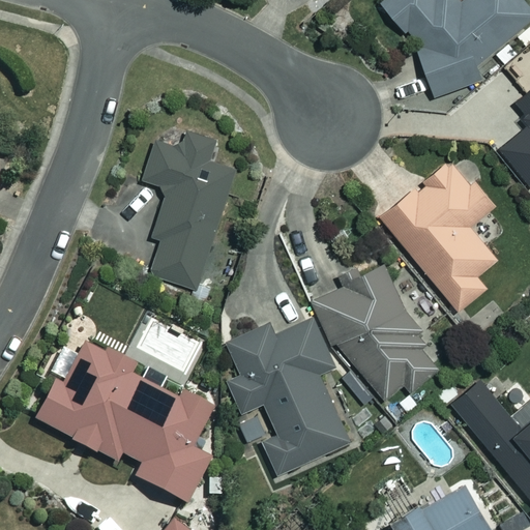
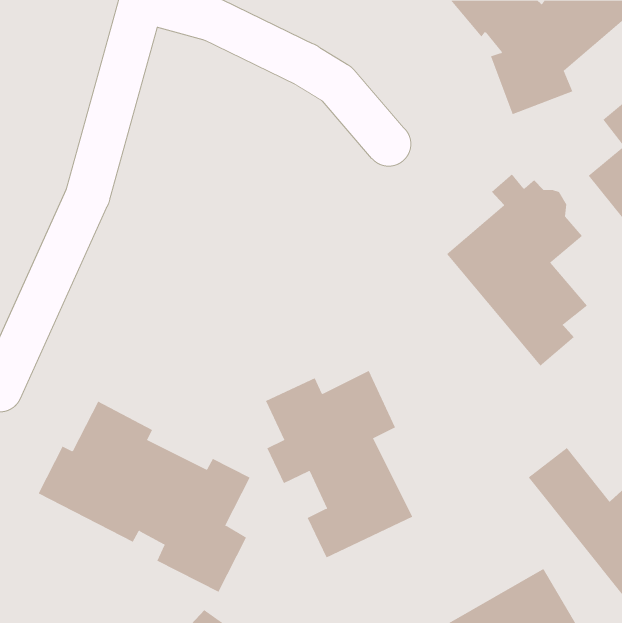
building: [143,128,234,293] -> none
building: [314,259,451,399] -> none

